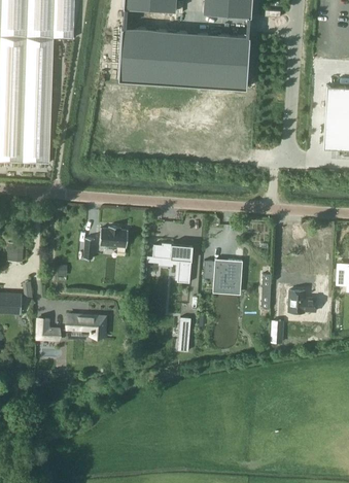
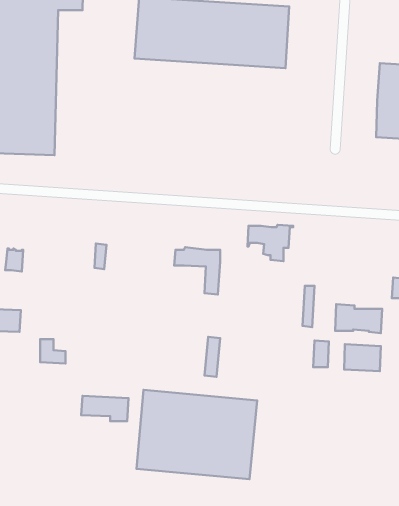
building: [99,227,127,249] -> none
building: [203,260,242,290] -> [247,225,293,261]
building: [67,314,107,336] -> [81,396,128,421]
building: none -> [344,344,381,371]
building: none -> [137,390,257,479]

